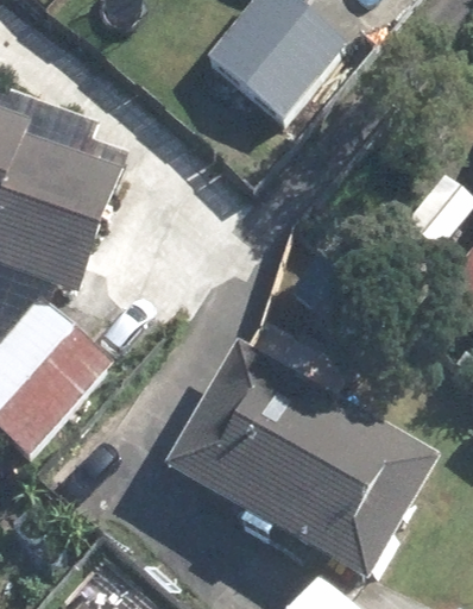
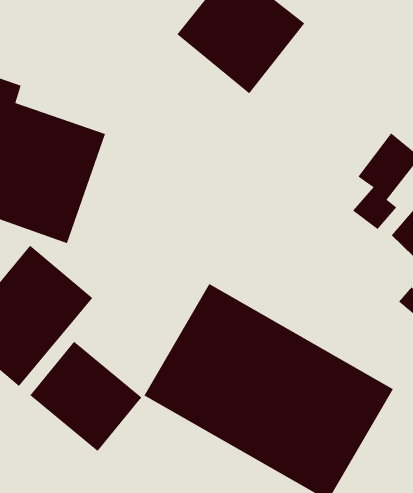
building: none -> [30,341,142,452]

